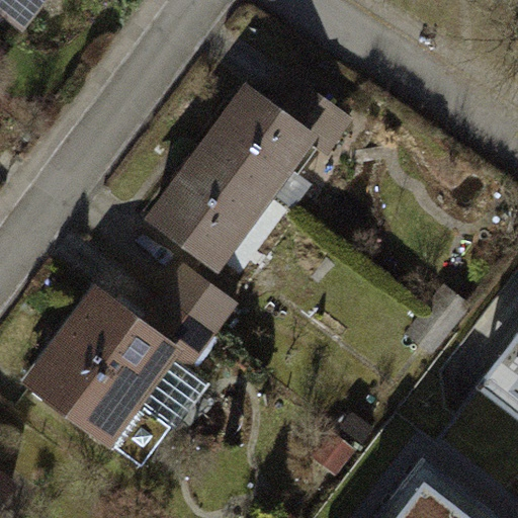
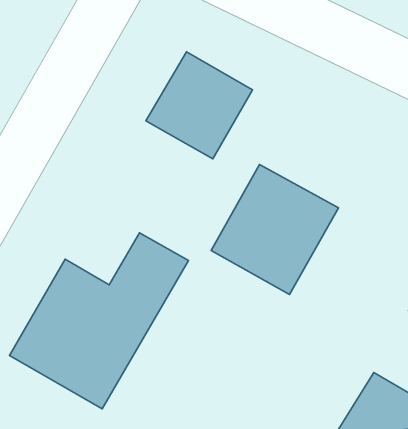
building: [151,150,270,270] -> none
building: none -> [211,164,339,295]

